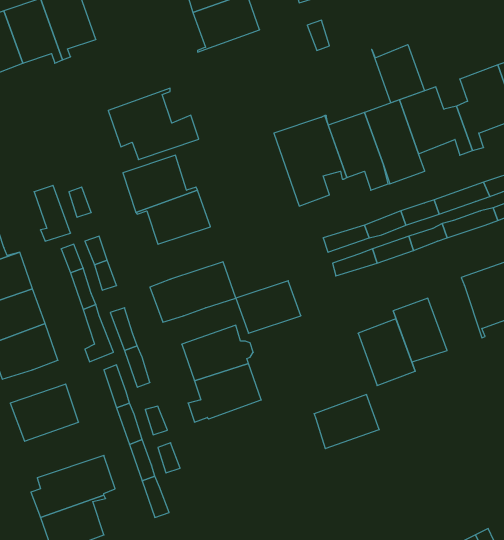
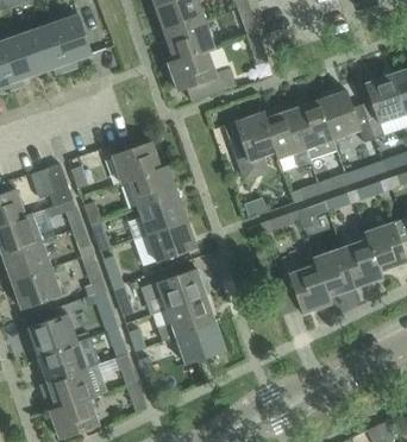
building: [372,45,424,103] -> none
building: [108,88,199,160] -> [168,48,236,101]
building: [236,281,301,333] -> [138,195,187,234]
building: none -> [340,239,381,288]
building: [314,395,379,449] -> [176,324,225,365]
building: none -> [38,341,98,383]

